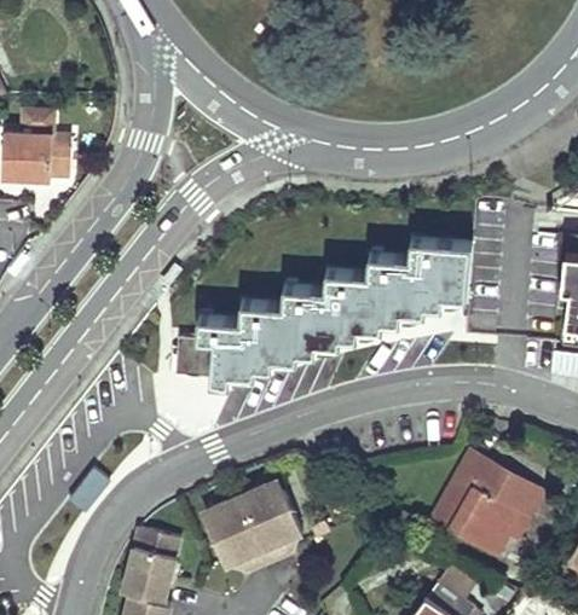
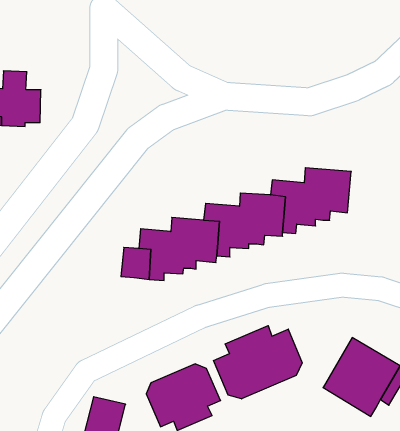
building: none -> [213,326,302,399]

